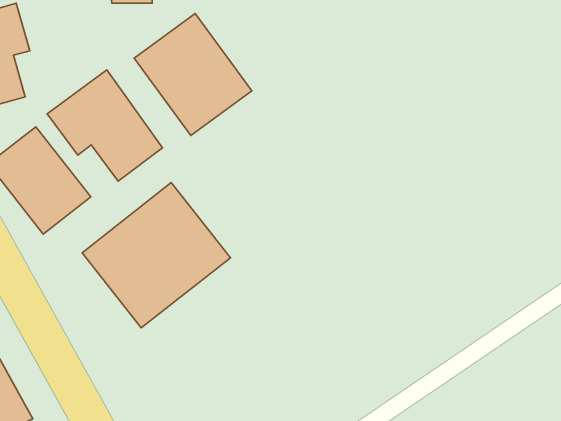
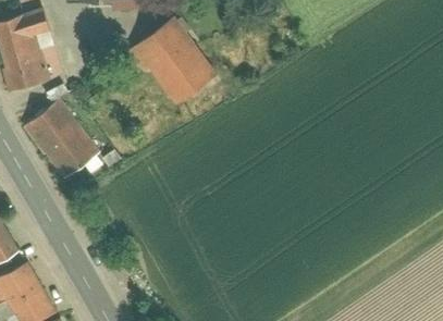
building: [47,70,162,181] -> none
building: [82,183,230,328] -> none

